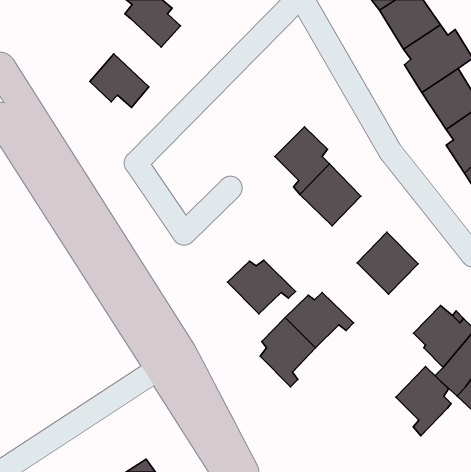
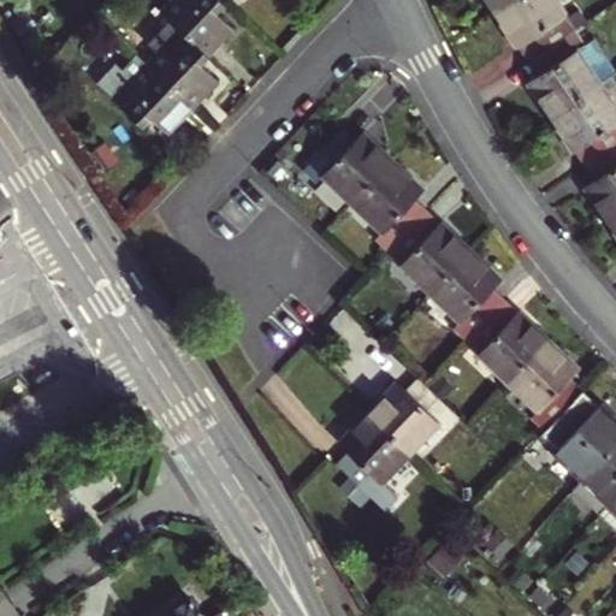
building: none -> [149,24,220,113]
building: none -> [312,135,398,203]
building: none -> [434,255,505,342]
building: [227,260,295,314] -> none
building: [396,367,451,436] -> [508,343,580,433]

